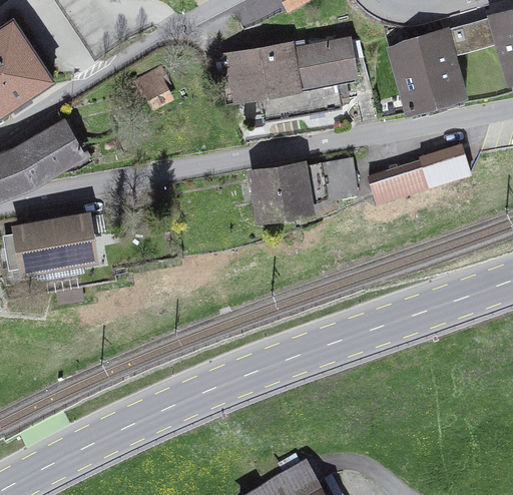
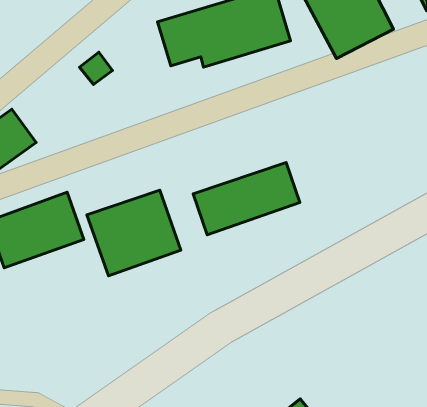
building: [376,143,481,203] -> none
building: [256,156,364,216] -> [193,163,300,235]
building: none -> [87,190,181,276]

